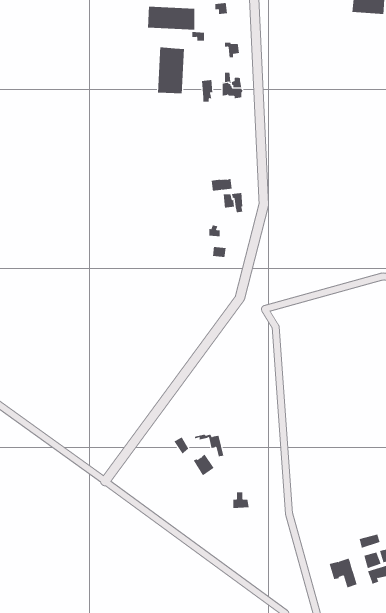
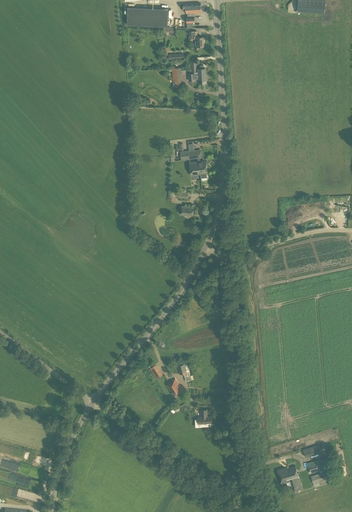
building: [157,46,184,94] -> none

